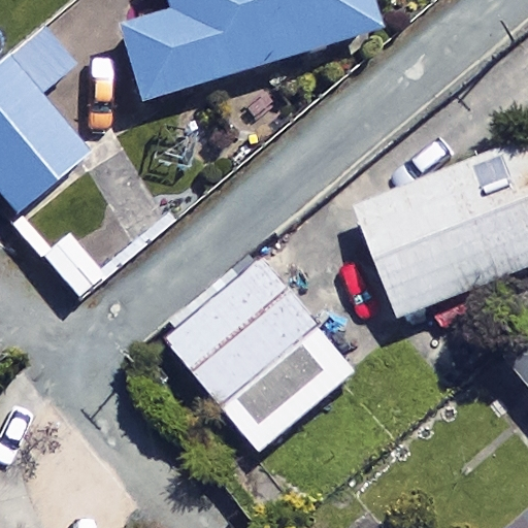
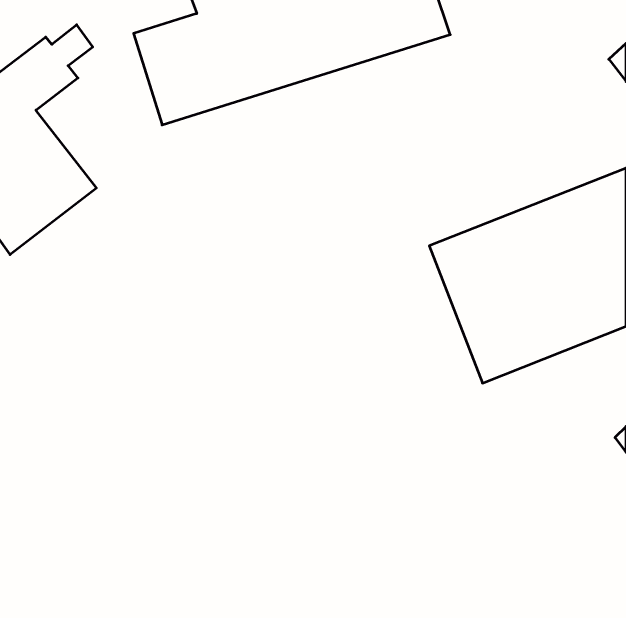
building: [168,261,355,450] -> none

